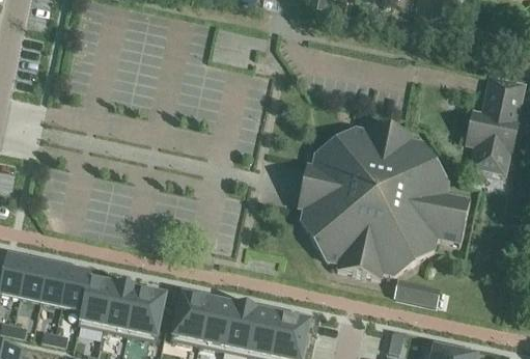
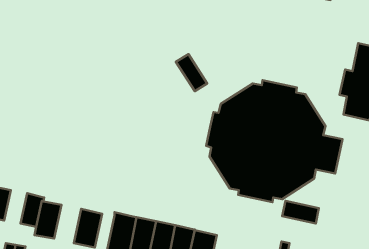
building: none -> [176,54,207,91]
building: [41,263,71,305] -> none
building: [105,281,139,330] -> none

